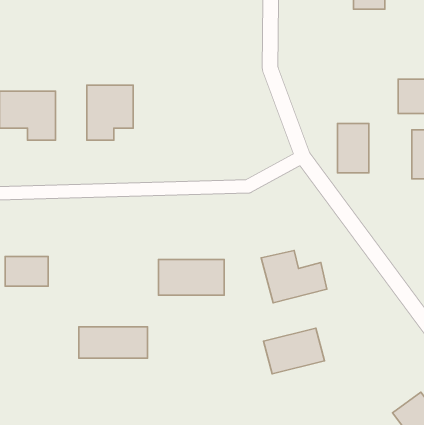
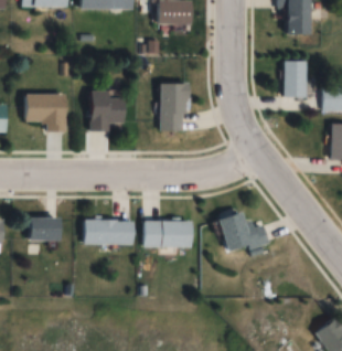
building: none -> [161,84,188,131]
building: [337,124,369,173] -> [284,61,307,97]
building: [79,327,147,358] -> [84,220,135,243]
building: [264,328,324,374] -> none

